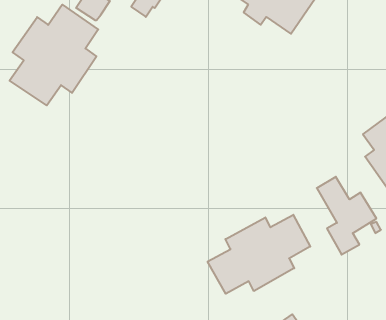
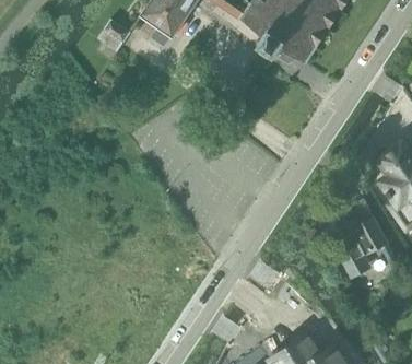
building: [10,5,98,105] -> none
building: [208,215,310,294] -> none

